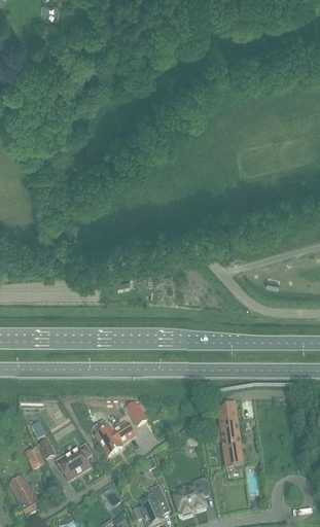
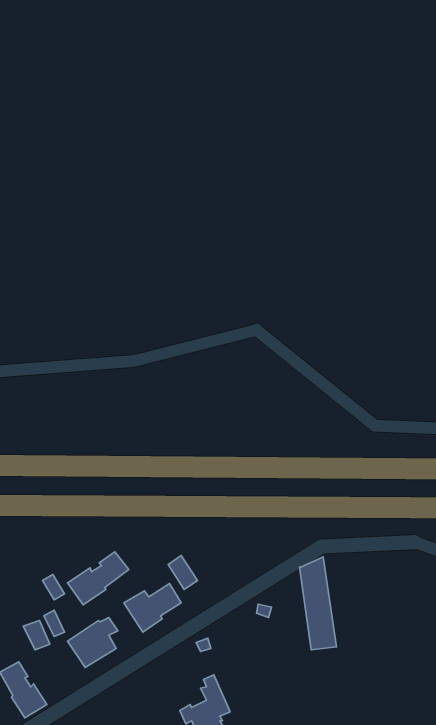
building: none -> [67,552,129,605]
building: [174,476,210,515] -> none

